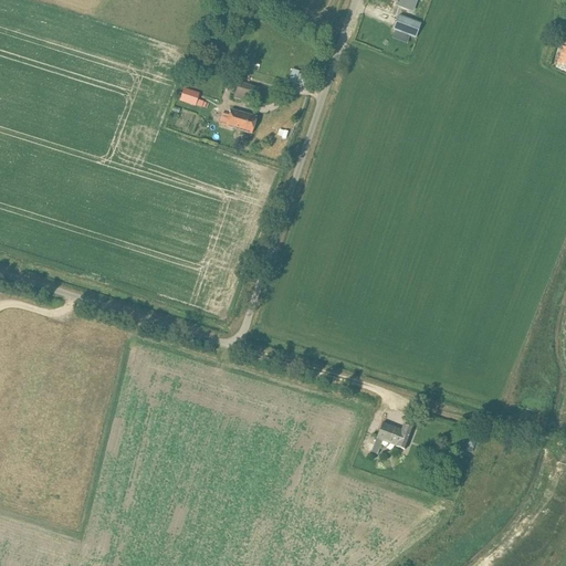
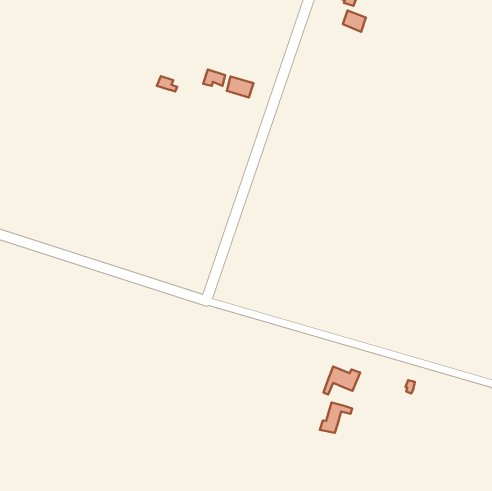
building: [226,108,256,133] -> [227,76,254,98]
building: none -> [320,403,352,433]

